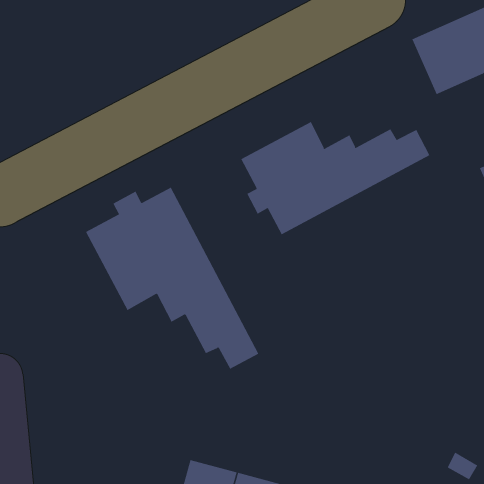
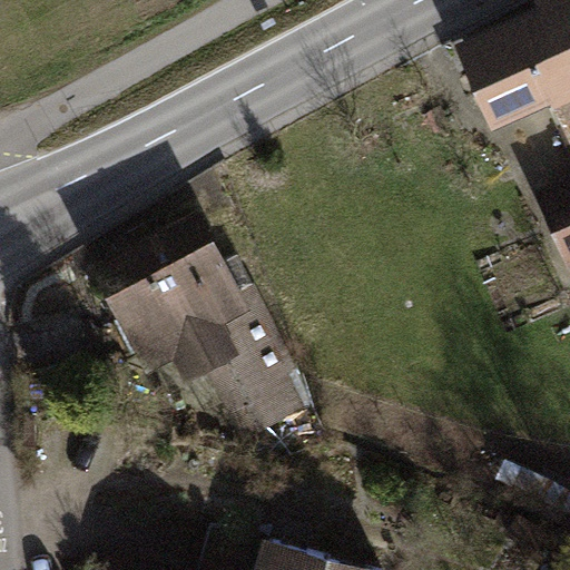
building: [240,121,430,235] -> none

